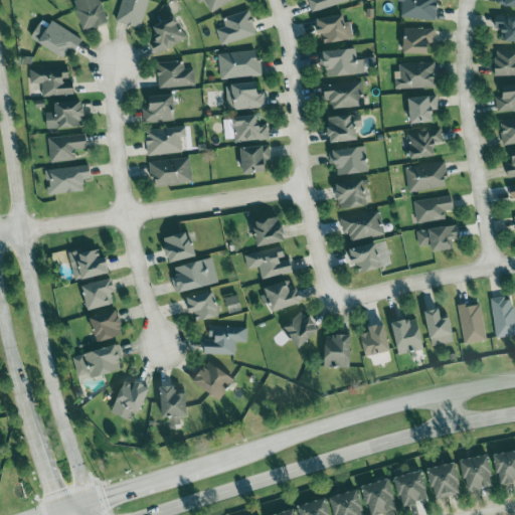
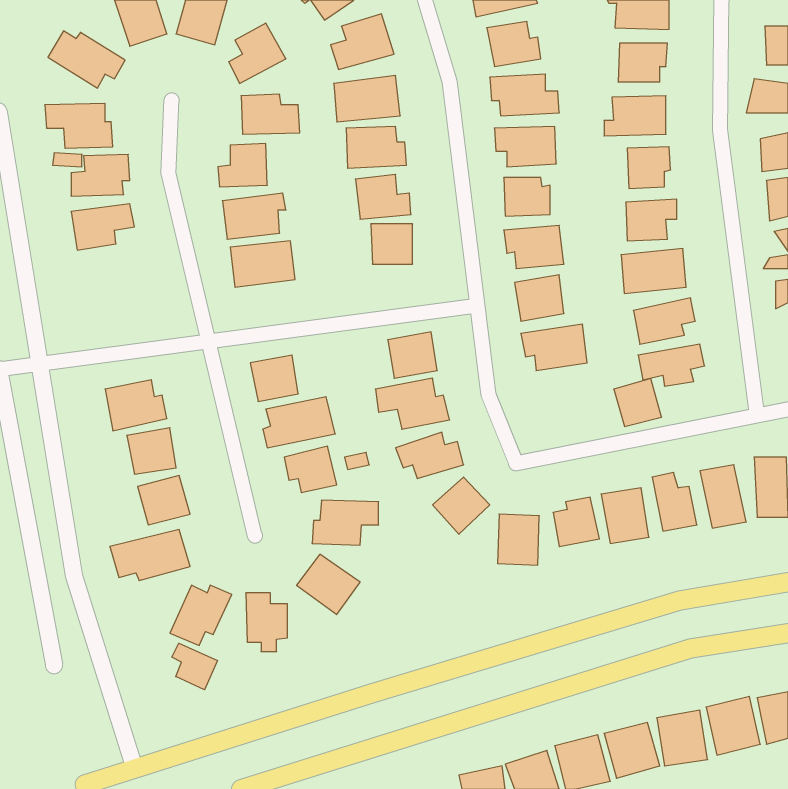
building: [44,165,90,195] -> none
building: [350,242,381,274] -> [614,378,662,426]
building: none -> [172,643,218,690]

